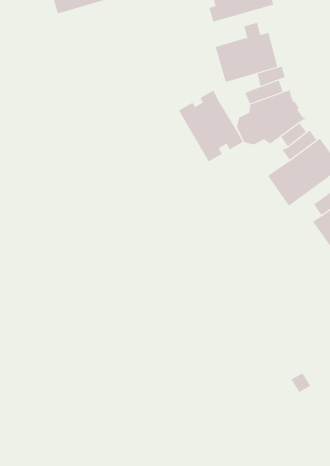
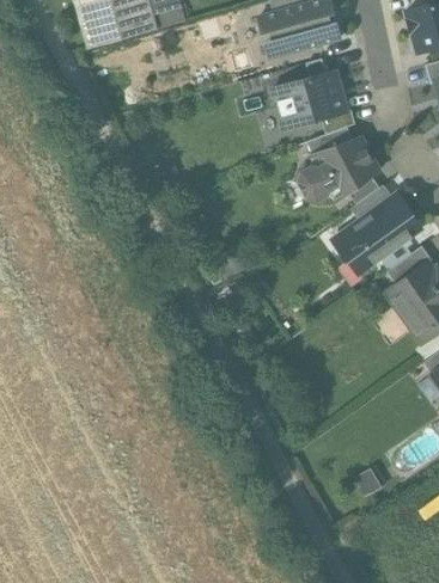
building: [178,90,243,162] -> none

